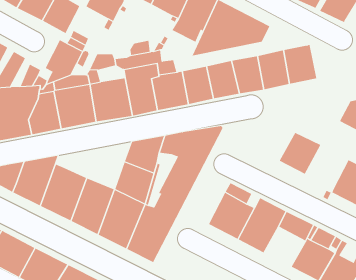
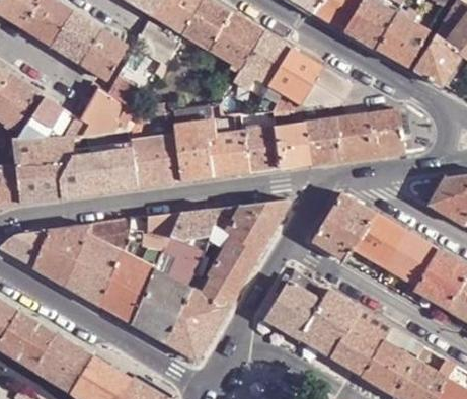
building: none -> [312,192,375,260]
building: none -> [86,214,178,269]
building: none -> [384,231,437,285]
building: none -> [329,326,380,375]

